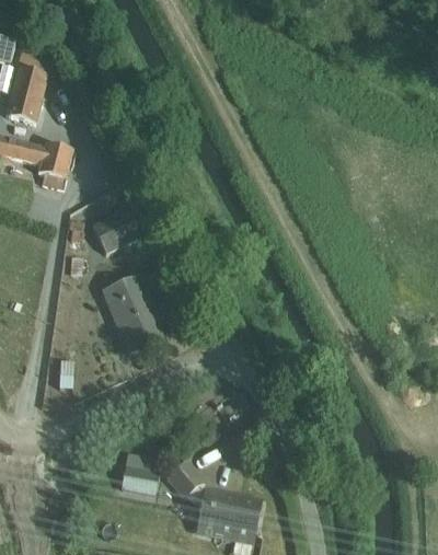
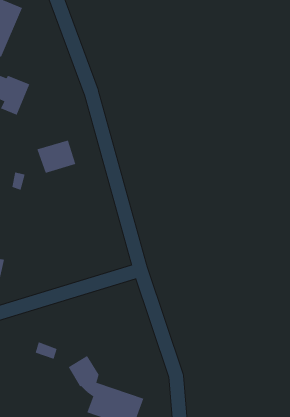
building: [102,276,161,352] -> none
building: [119,465,159,494] -> none

